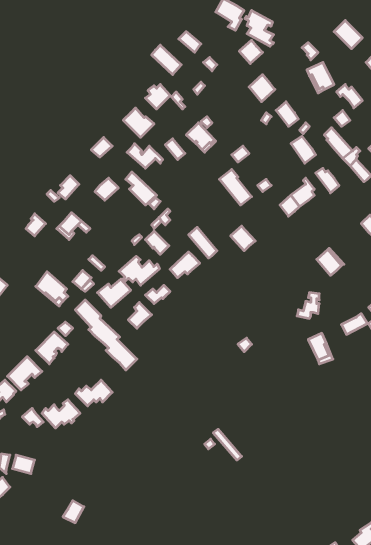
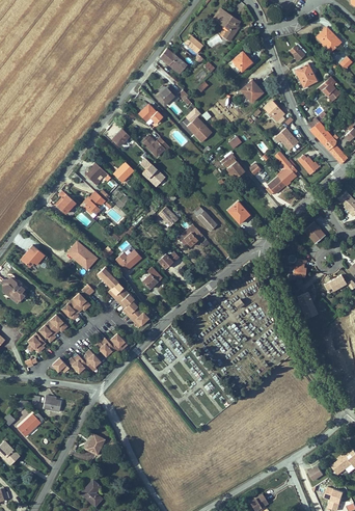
building: [245,10,274,46] -> none
building: [119,256,159,285] -> none

